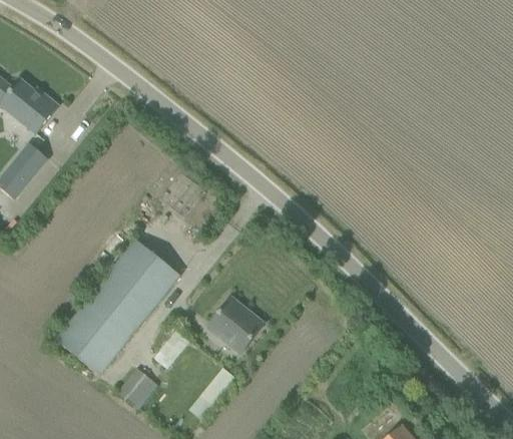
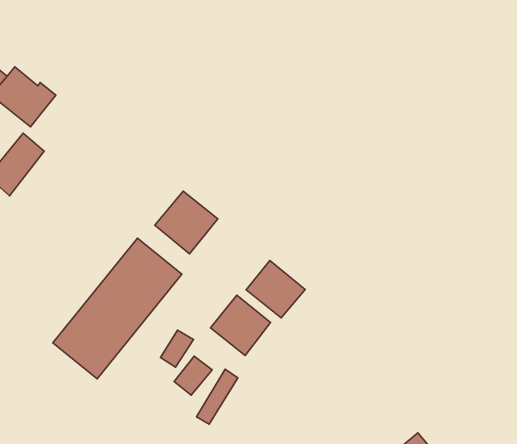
building: none -> [155,191,218,254]
building: none -> [246,261,305,318]
building: [117,368,153,405] -> [174,356,212,395]

